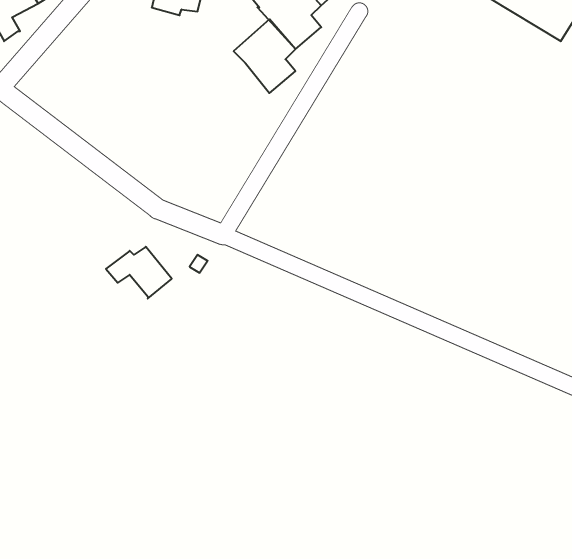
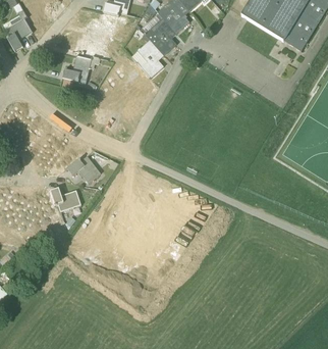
building: none -> [62,56,100,83]
building: none -> [50,187,80,211]

